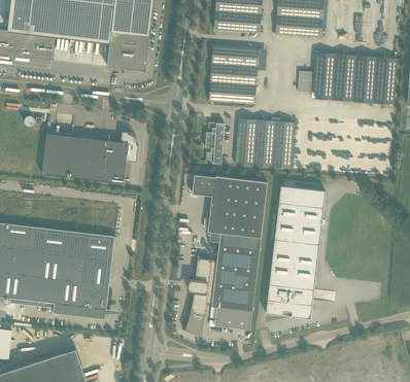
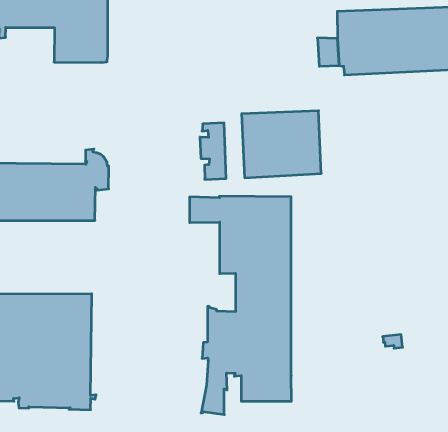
building: [208,45,258,104] -> none
building: [265,185,324,316] -> none

